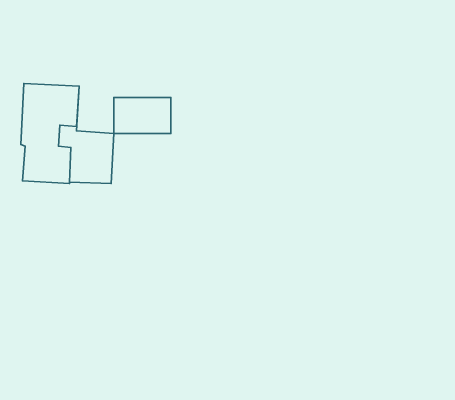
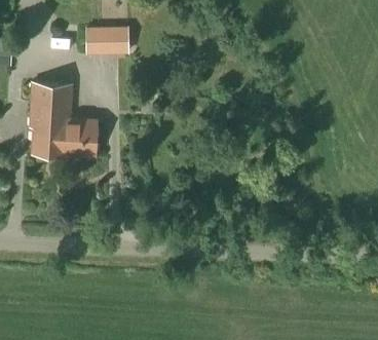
building: [114,97,171,134] -> [86,27,128,53]

